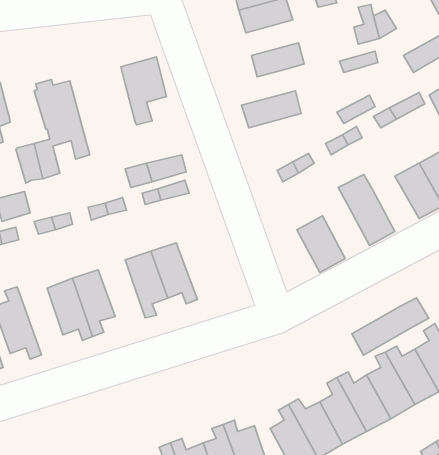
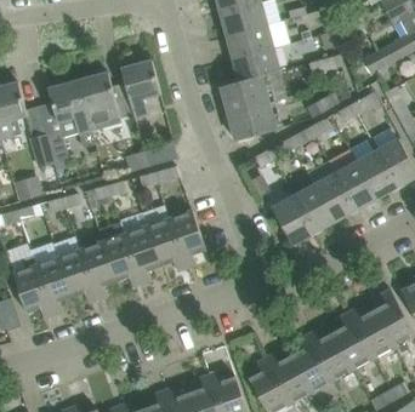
building: none -> [228,29,273,59]
building: none -> [221,70,271,102]
building: none -> [78,73,133,131]
building: none -> [231,109,282,142]
building: none -> [336,162,376,210]
building: none -> [294,185,334,233]
building: none -> [169,211,206,268]
building: none -> [102,234,142,287]
building: none -> [36,258,72,315]
building: [352,298,429,355] -> none

